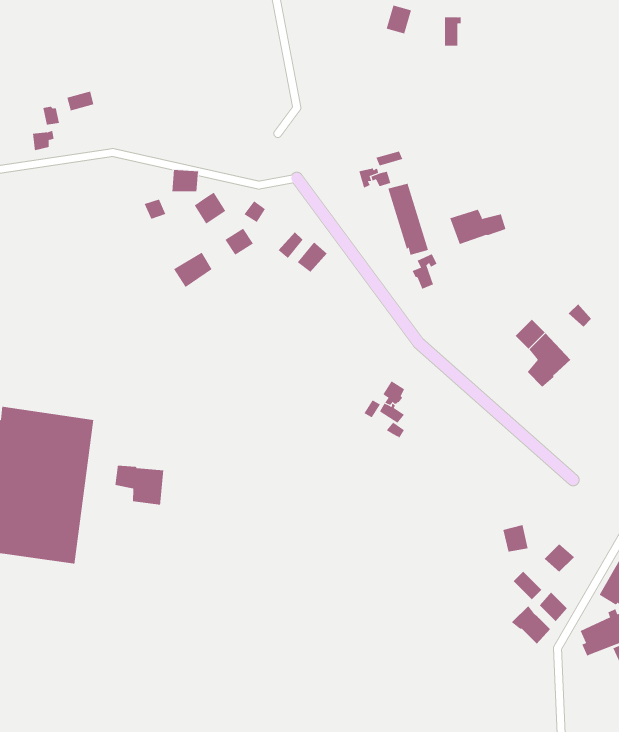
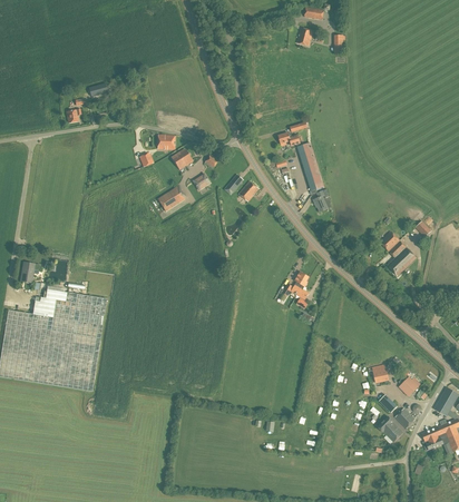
building: [449,209,506,245] -> none
building: [115,465,164,506] -> none

